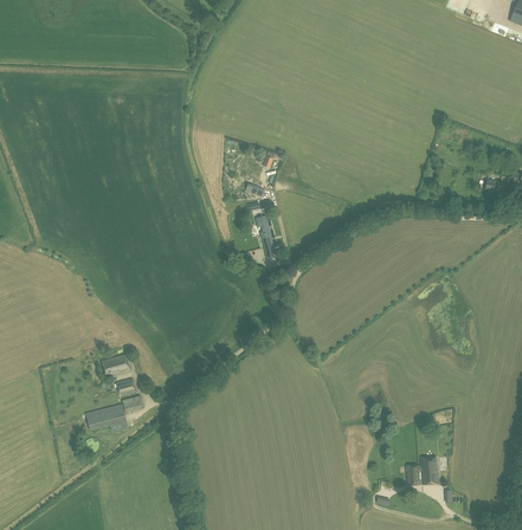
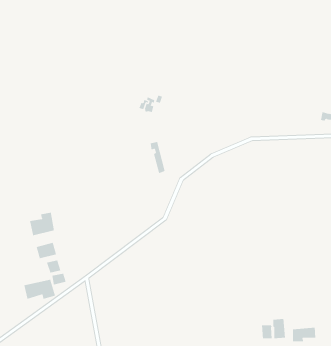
building: none -> [29,212,55,236]
building: none -> [292,327,316,342]

